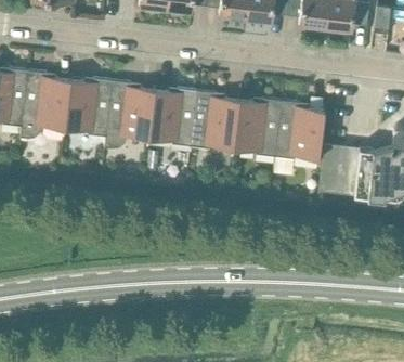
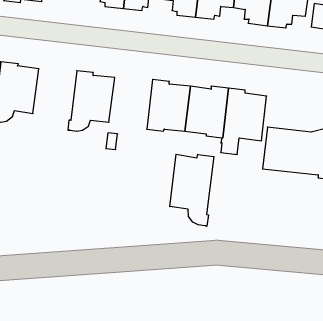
building: [64,79,113,137] -> none
building: [148,89,197,146] -> none
building: none -> [170,154,214,226]

